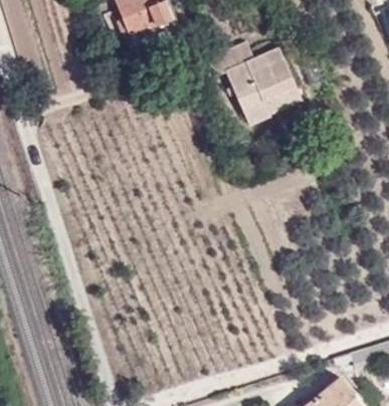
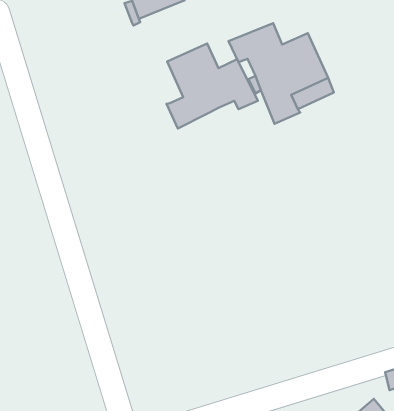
building: none -> [166,43,258,129]

